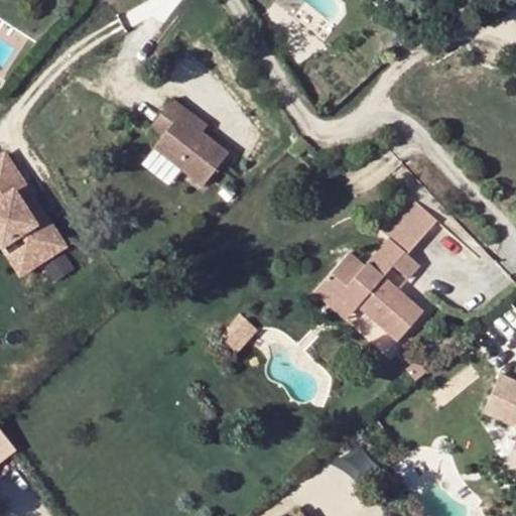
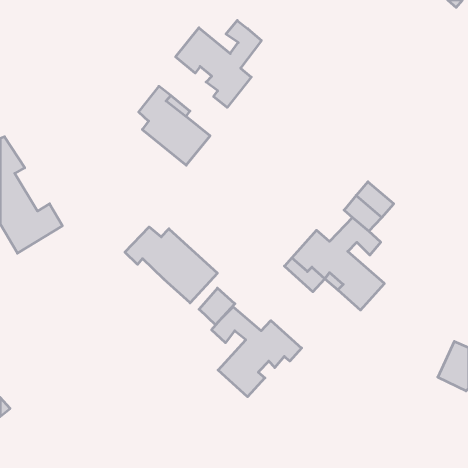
building: none -> [176,20,261,107]
building: none -> [125,227,217,303]
building: none -> [212,307,302,397]

